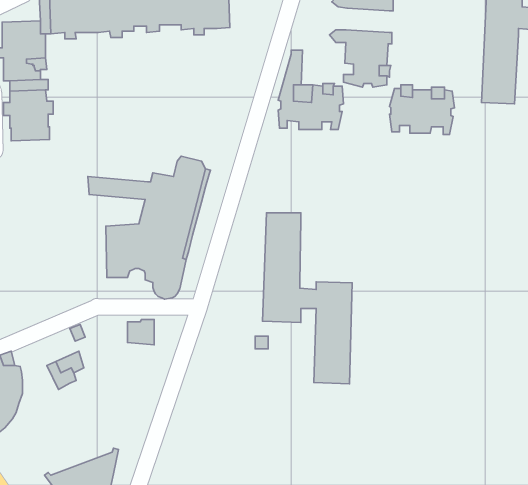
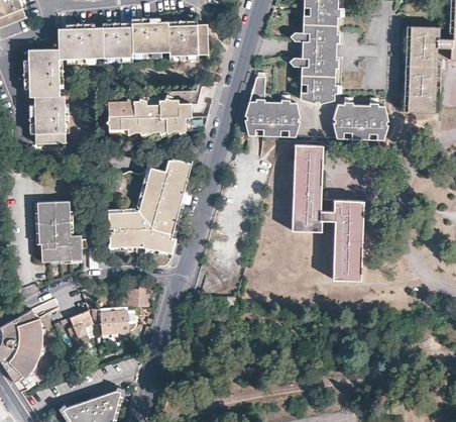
building: none -> [300,39,334,59]
building: none -> [105,99,190,136]
building: [263,213,352,384] -> [292,145,362,281]
building: none -> [35,202,88,265]
building: none -> [93,308,131,333]

